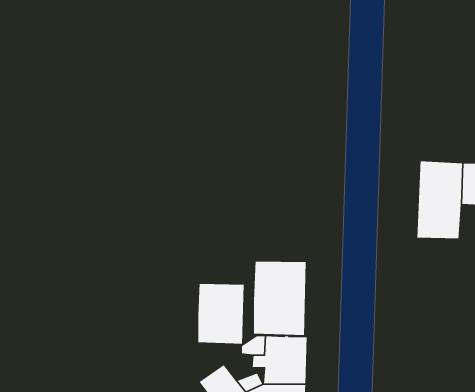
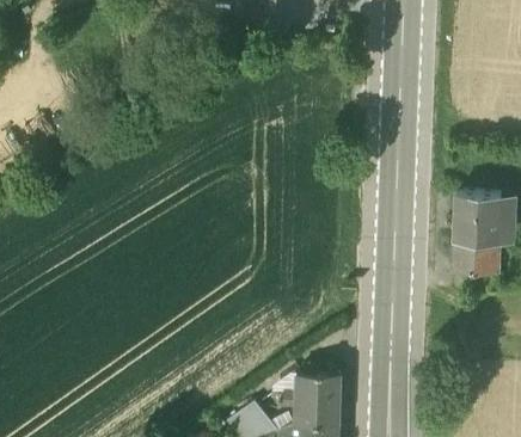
building: [253,261,307,336] -> none
building: [197,283,244,344] -> none

